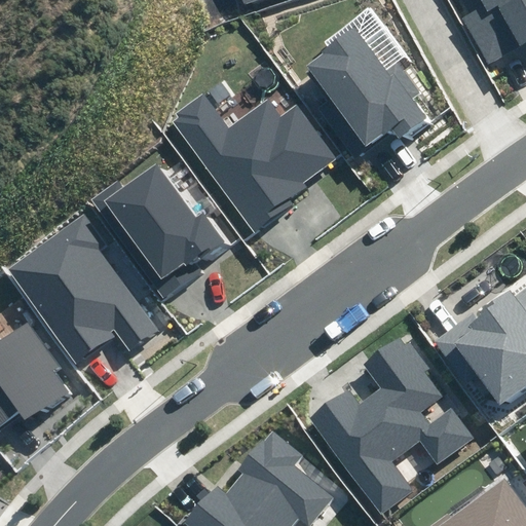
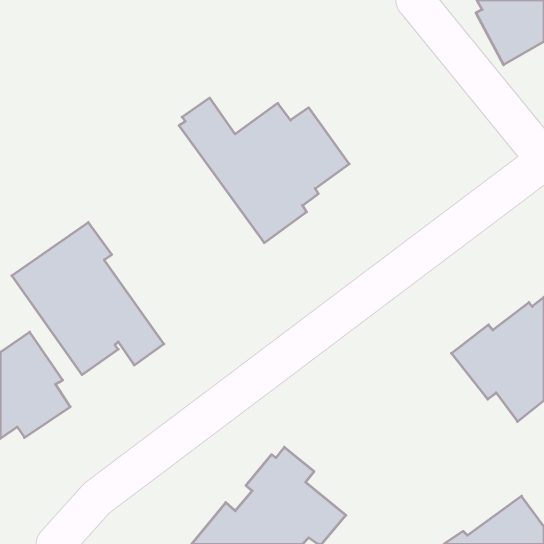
building: [306,25,427,146] -> none
building: [89,164,224,299] -> none
building: [311,337,476,514] -> none

